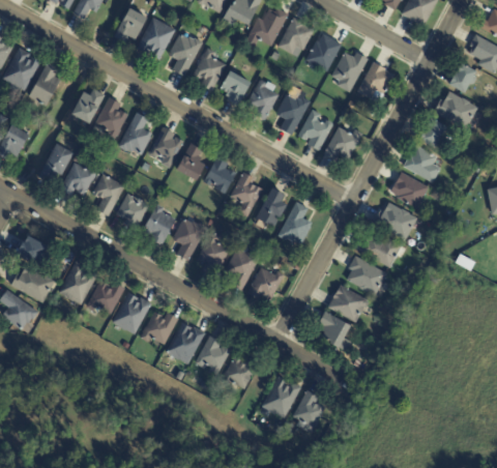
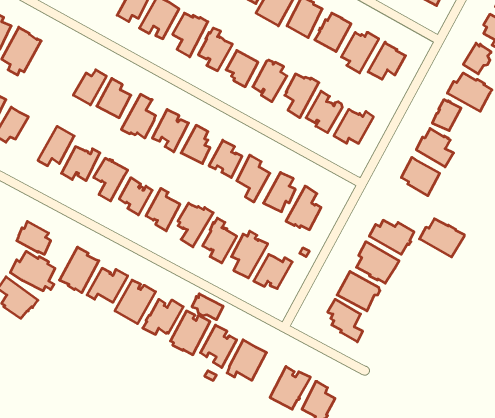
building: [29,61,61,106] -> none
building: [375,202,418,239] -> [419,219,464,257]
building: none -> [192,294,223,320]

